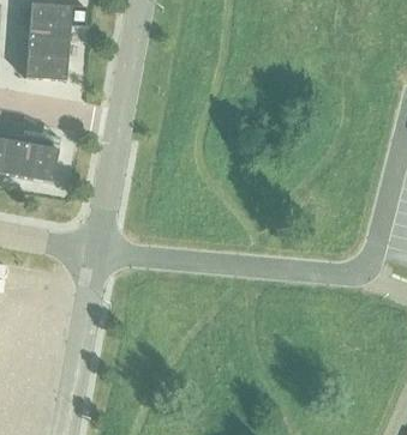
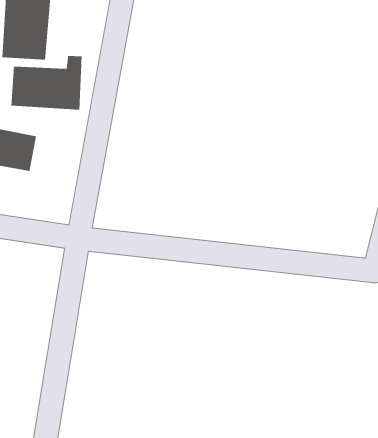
building: none -> [11,55,82,111]

